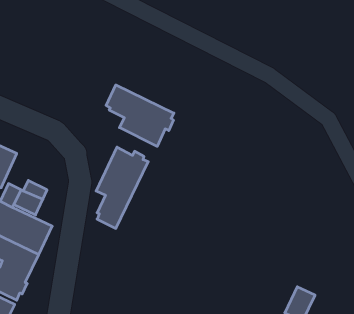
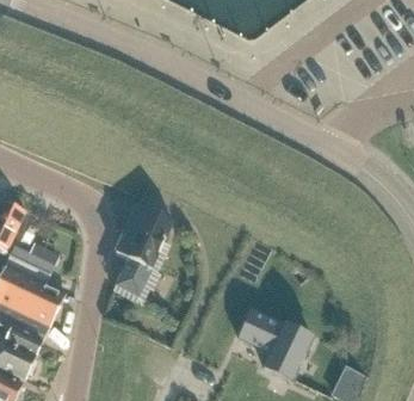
building: [106,85,174,146] -> none
building: none -> [239,309,314,378]

